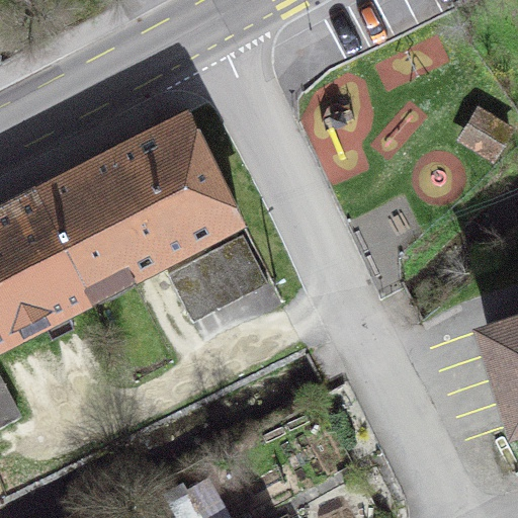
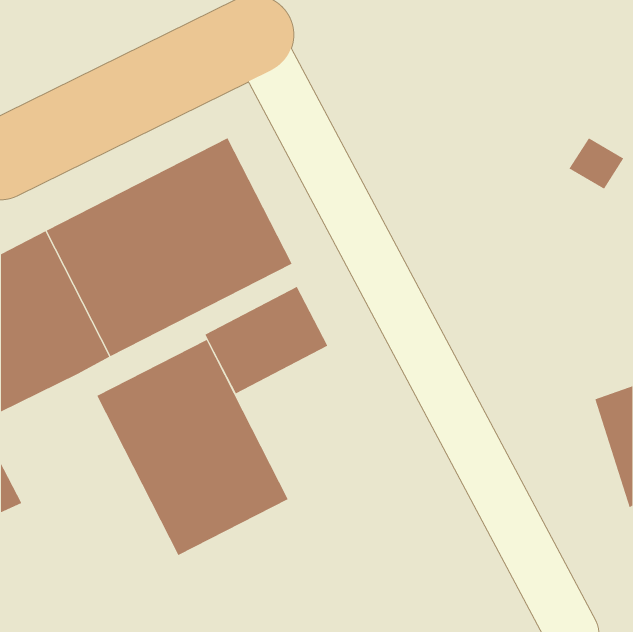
building: none -> [97,339,288,556]

